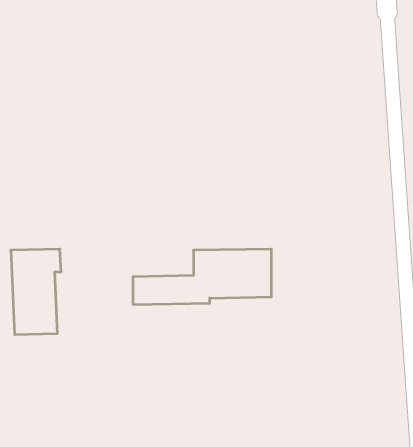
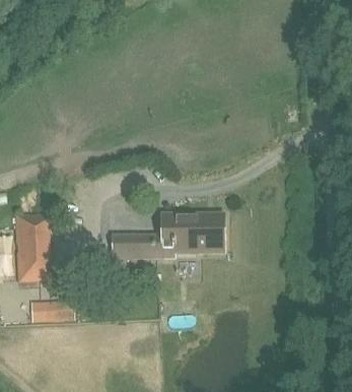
building: none -> [29,299,73,320]

